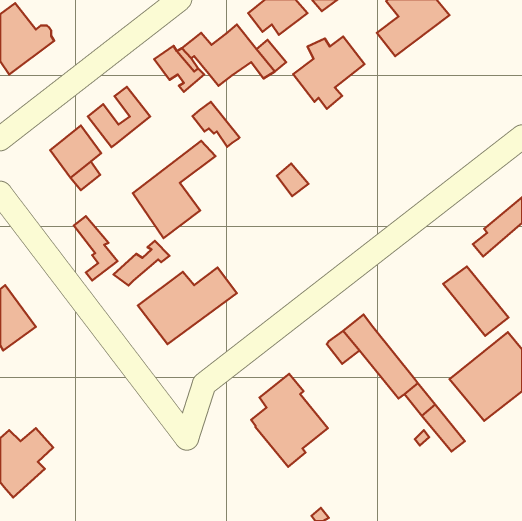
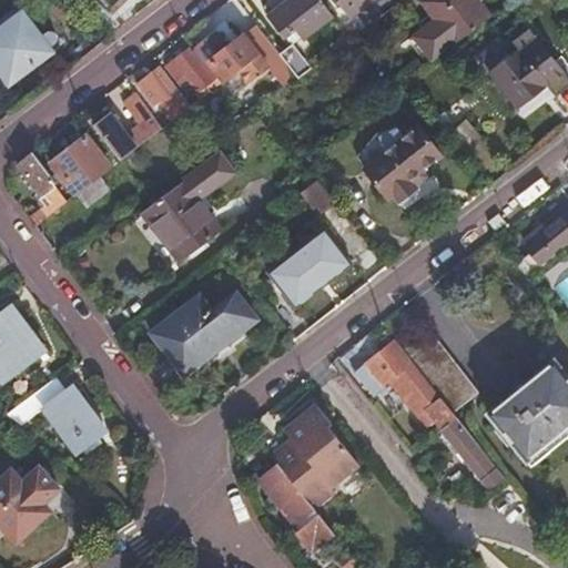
building: none -> [487,37,562,105]
building: [293,36,365,109] -> [363,126,440,205]
building: [192,102,239,147] -> [138,69,189,118]
building: none -> [268,227,352,305]
building: [74,216,118,281] -> [18,152,65,222]
building: [113,241,169,285] -> none
building: [443,266,509,336] -> [405,336,476,412]
building: none -> [6,375,106,452]
building: none -> [261,464,334,550]

